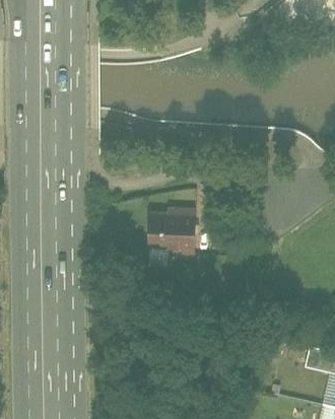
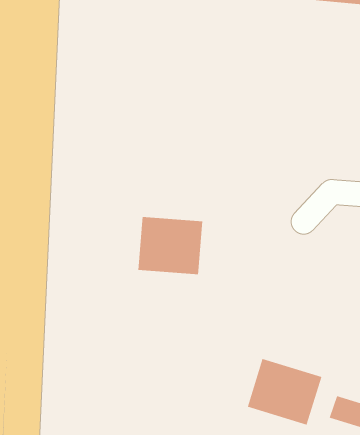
building: none -> [247,358,322,426]

